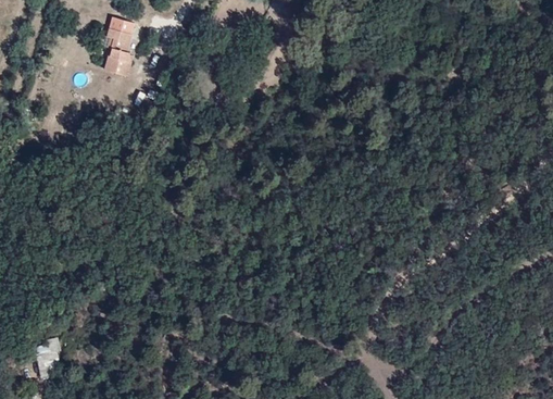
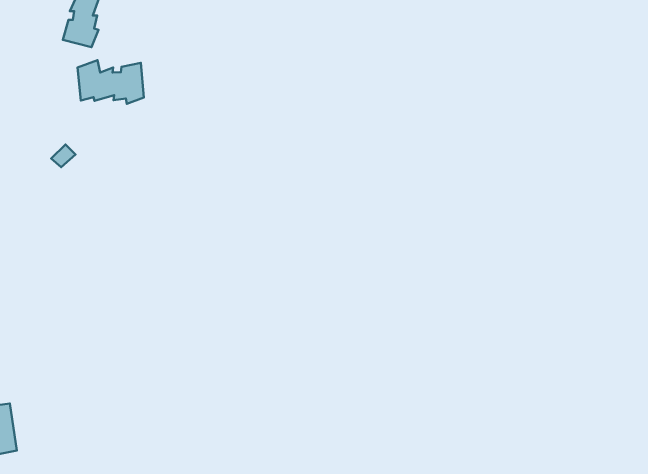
building: none -> [78,60,144,104]

